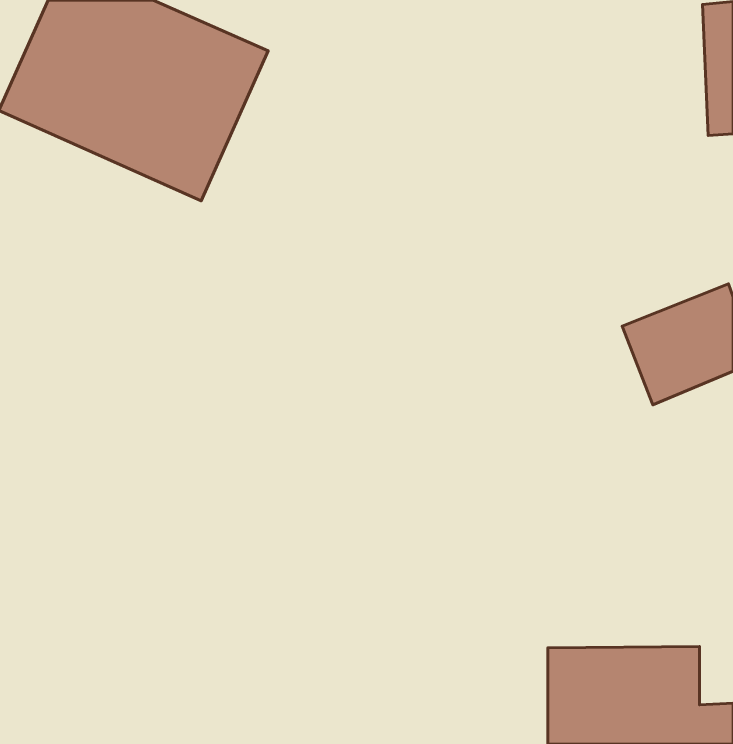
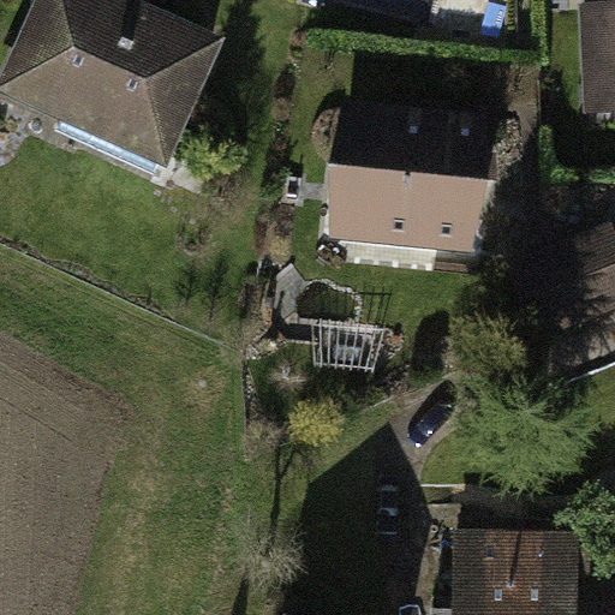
building: none -> [333,114,486,252]

